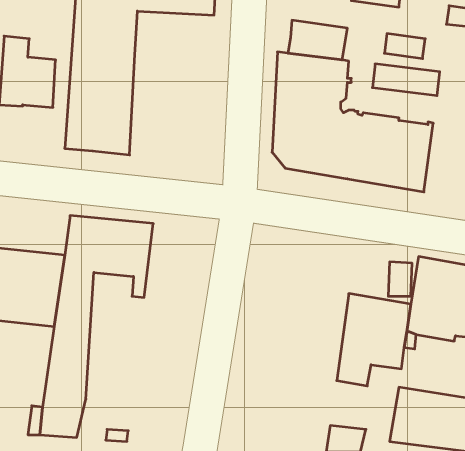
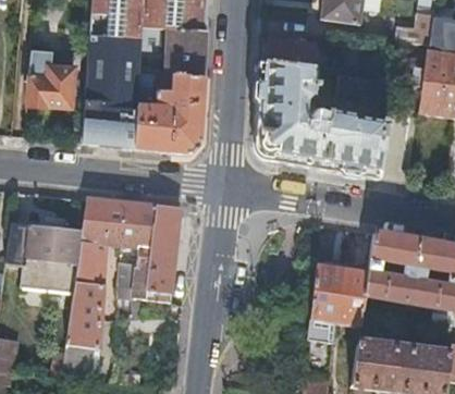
building: none -> [136,28,206,152]
building: none -> [119,204,181,303]

